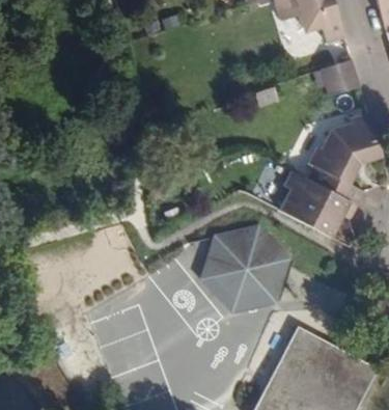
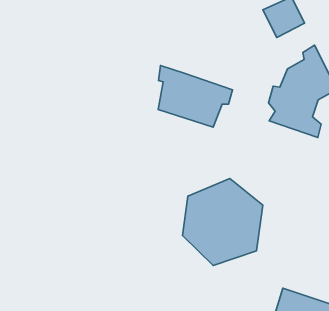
building: [278,165,354,234] -> [158,65,233,127]

